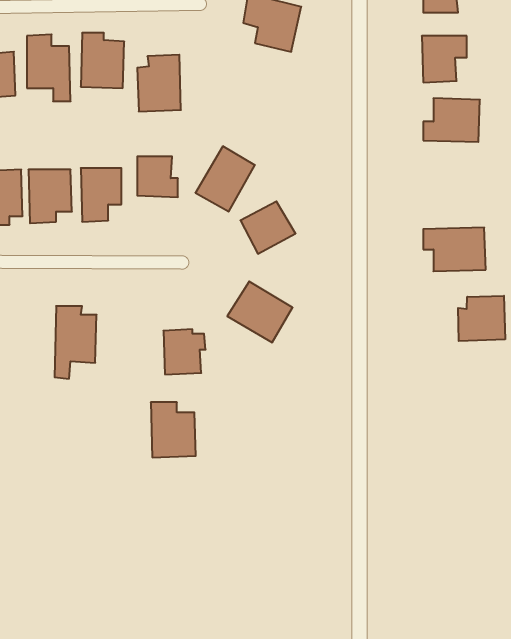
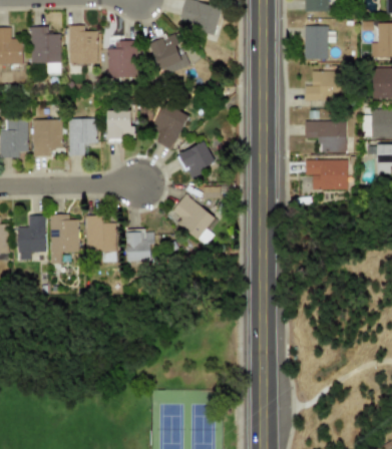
building: none -> [149,32,187,73]
building: none -> [305,120,346,151]
building: [458,296,505,341] -> none
building: none -> [18,214,46,259]
building: [151,402,196,457] -> [85,215,116,254]

